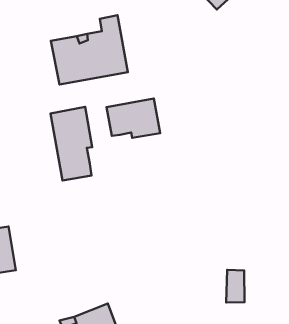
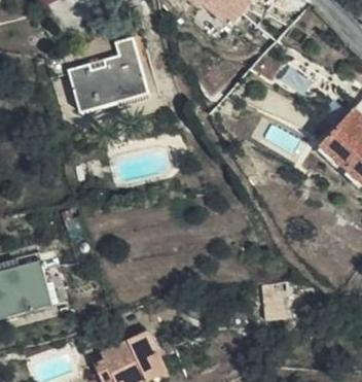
building: [107,98,160,138] -> none
building: [50,107,92,181] -> none

